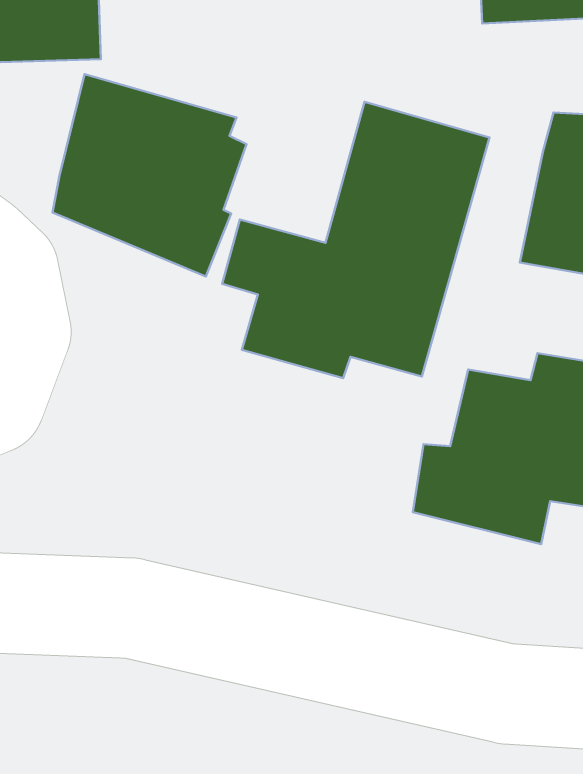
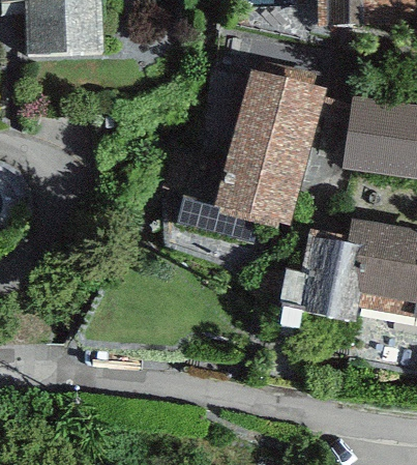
building: [53,74,247,277] -> none

